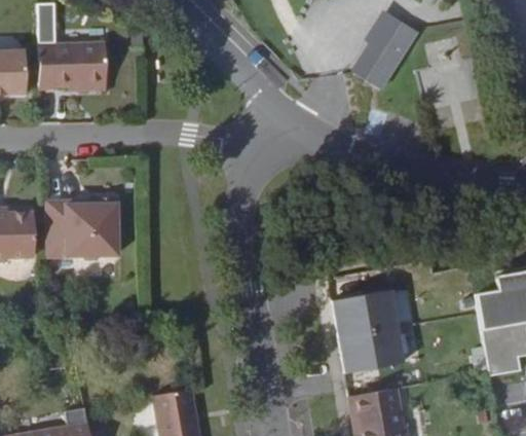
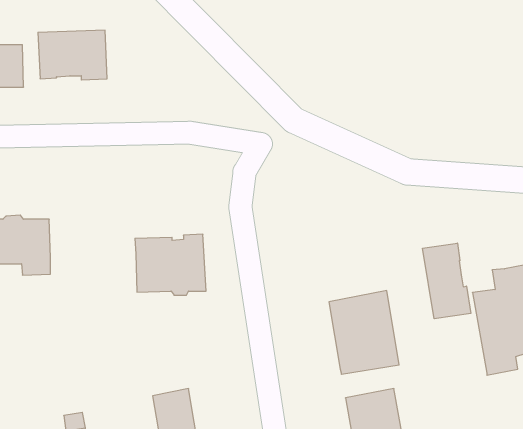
building: [345,10,416,92] -> none
building: [51,201,122,261] -> [135,234,206,295]
building: none -> [423,243,471,319]

